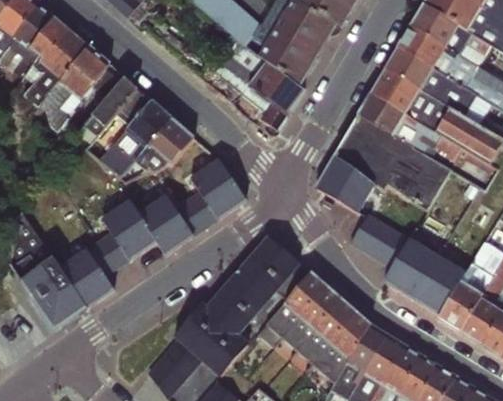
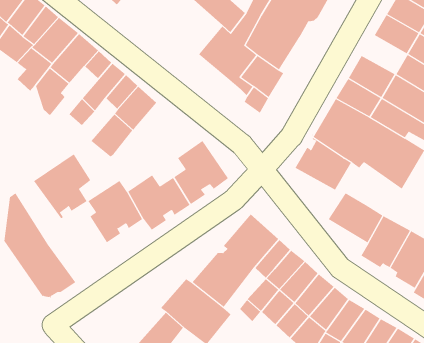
building: [384,49,432,90] -> none
building: [147,120,192,166] -> none
building: [56,239,117,308] -> [33,153,91,219]

